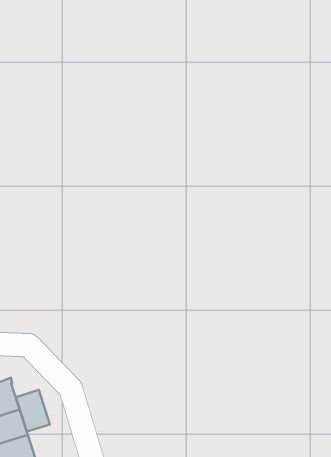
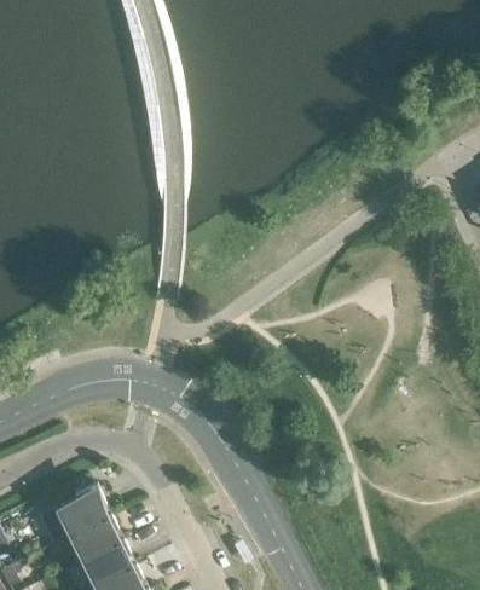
building: [16,390,50,432] -> none

